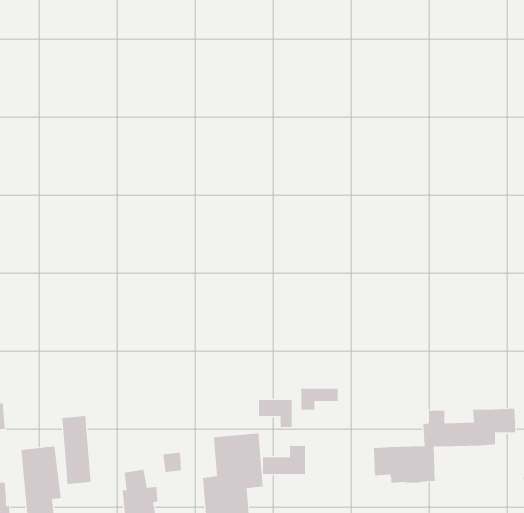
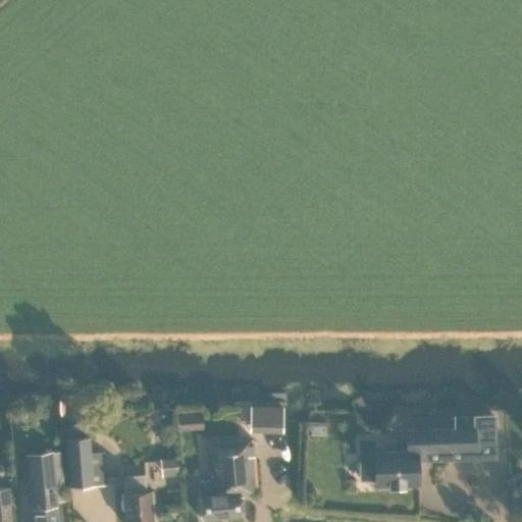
building: [301,388,338,410] -> none
building: [263,445,305,475] -> none

